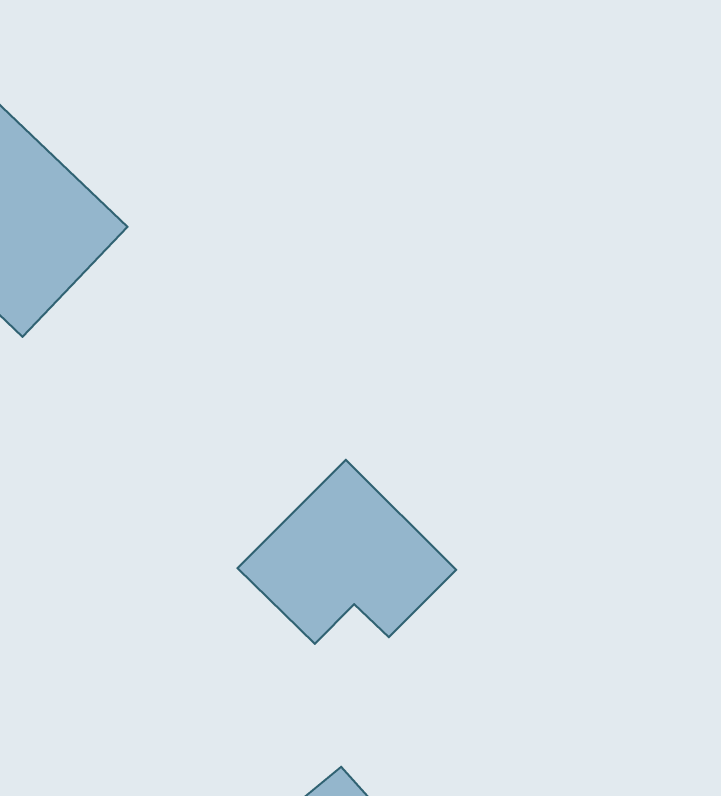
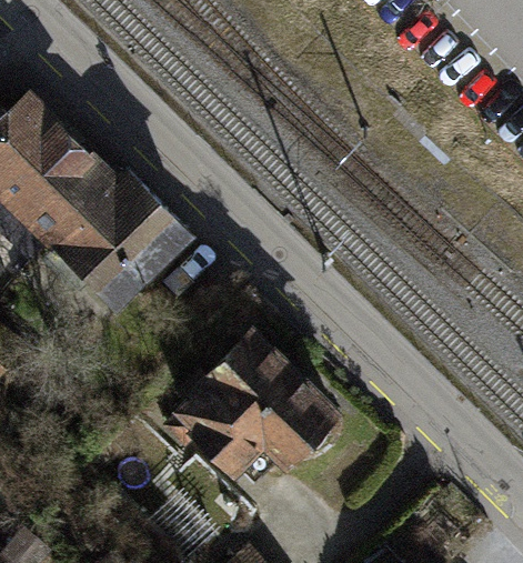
building: none -> [38,170,187,319]

